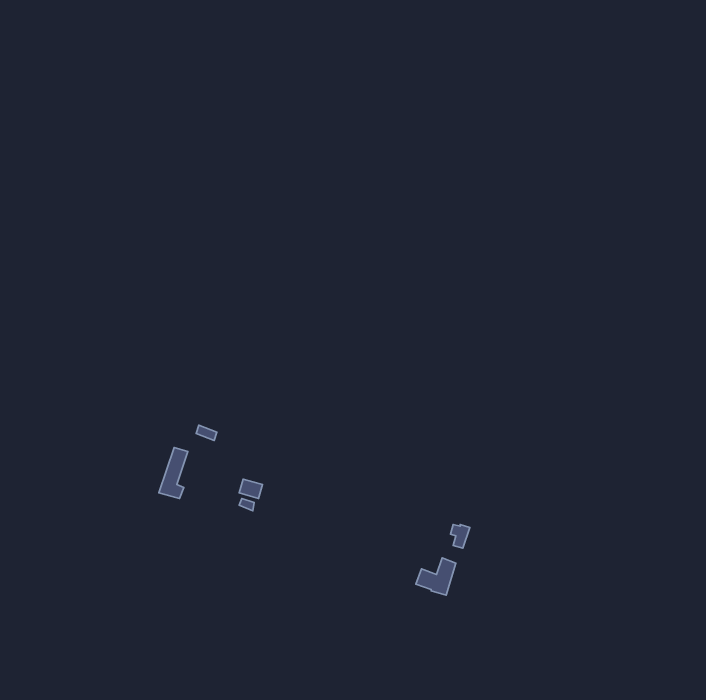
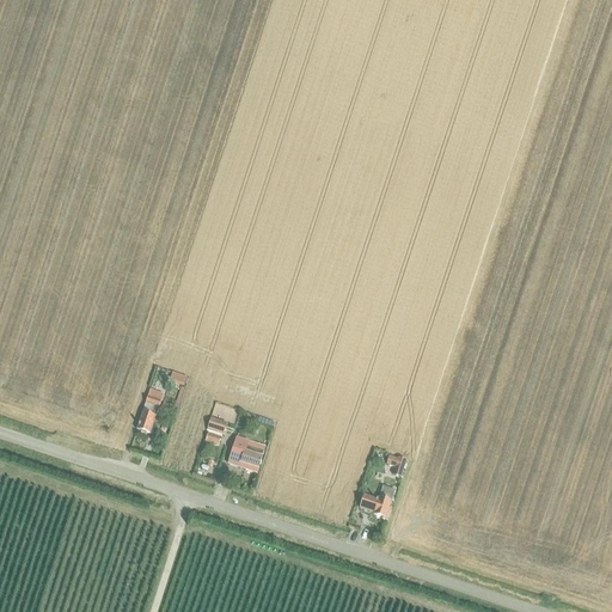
building: none -> [227,435,264,470]

